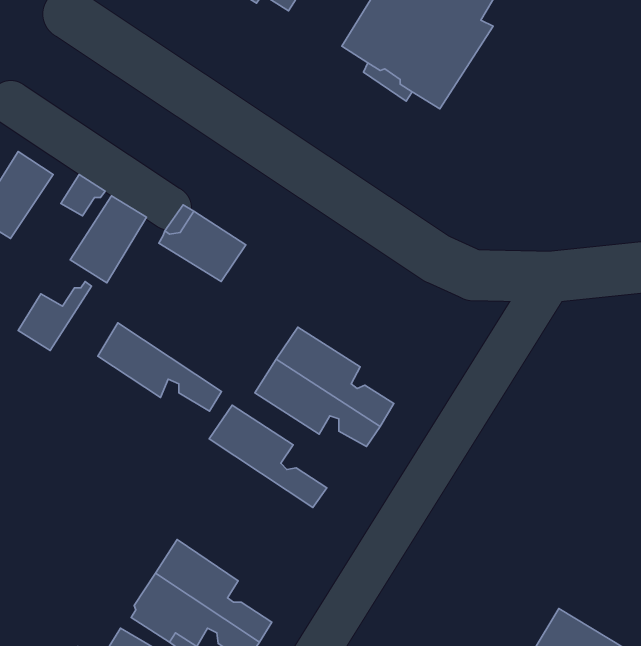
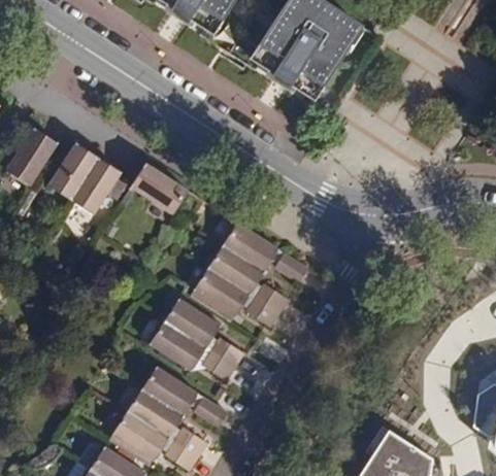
building: [18,282,91,350] -> [47,154,97,200]
building: none -> [223,223,307,280]
building: [98,323,222,411] -> [150,320,233,380]
building: none -> [141,367,226,428]

